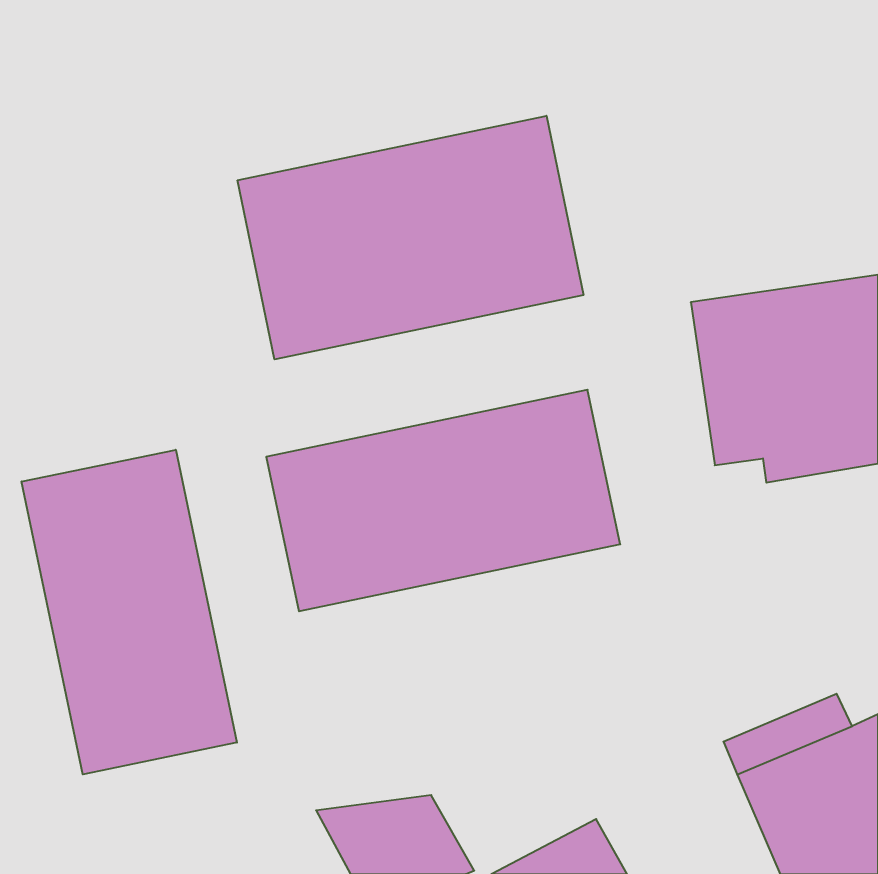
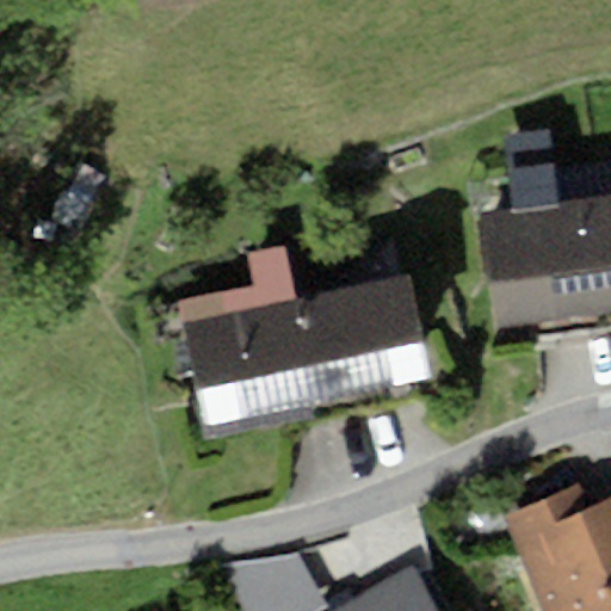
building: [238,116,583,359] -> none
building: [22,450,237,774] -> none

